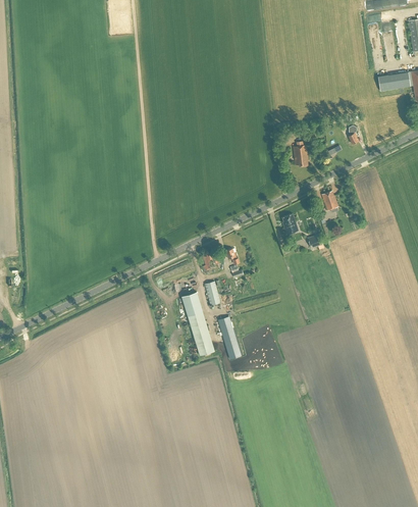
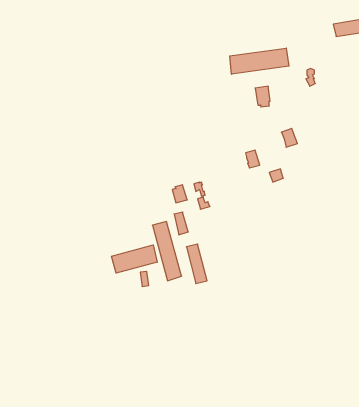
building: none -> [230,48,289,74]
building: none -> [111,245,157,273]

